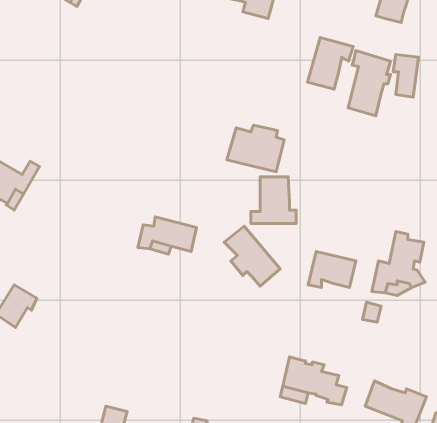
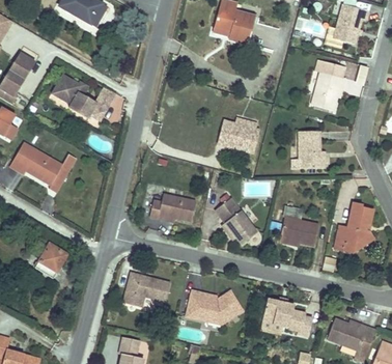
building: [307,37,353,89] -> none
building: none -> [54,75,118,121]
building: [251,177,296,224] -> [291,132,327,168]
building: none -> [123,273,170,305]
building: none -> [186,289,243,324]

